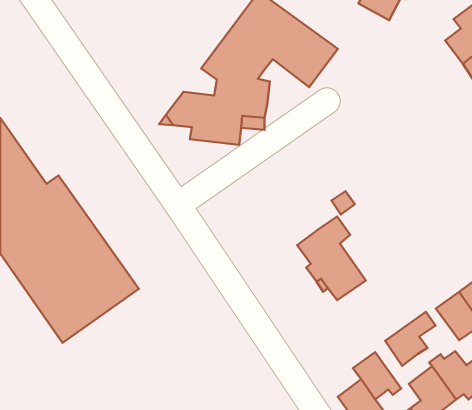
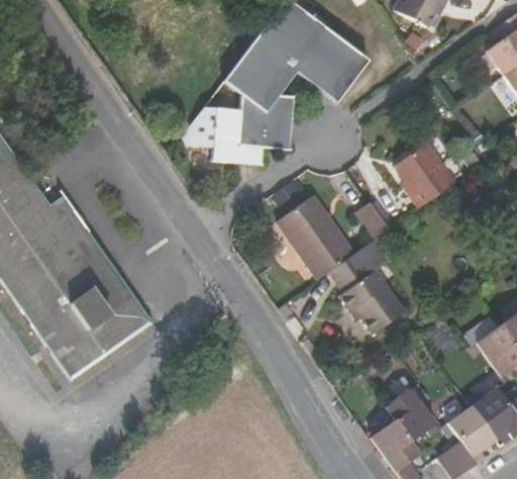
building: none -> [393,142,454,208]
building: none -> [275,197,350,280]
building: [385,312,435,366] -> none

